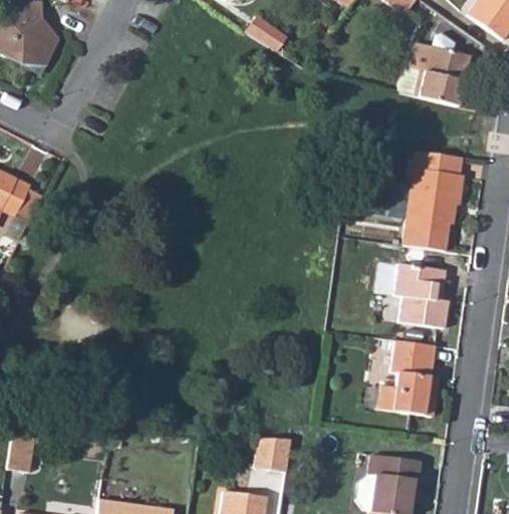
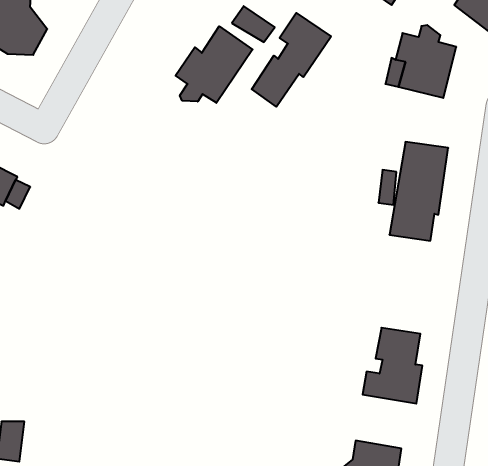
building: none -> [252,13,331,107]
building: none -> [176,26,253,103]
building: [396,262,449,328] -> none
building: [255,438,291,472] -> none

